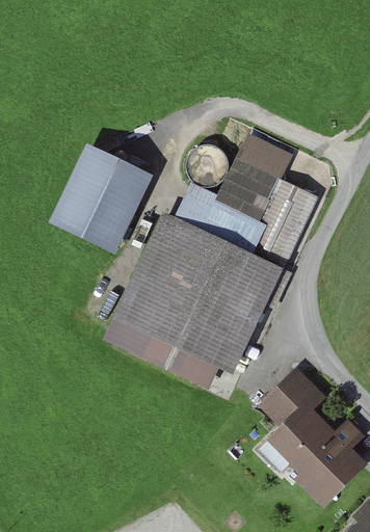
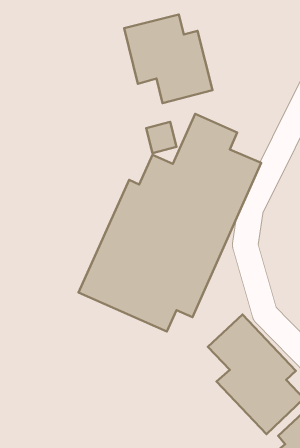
building: none -> [124,15,212,103]
building: [50,142,149,250] -> none

